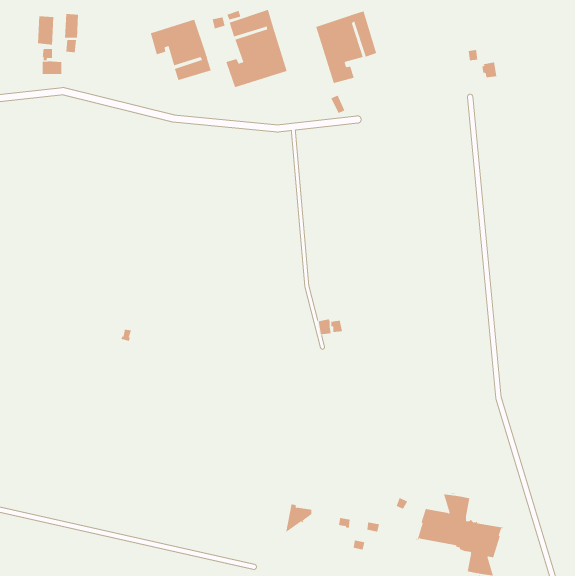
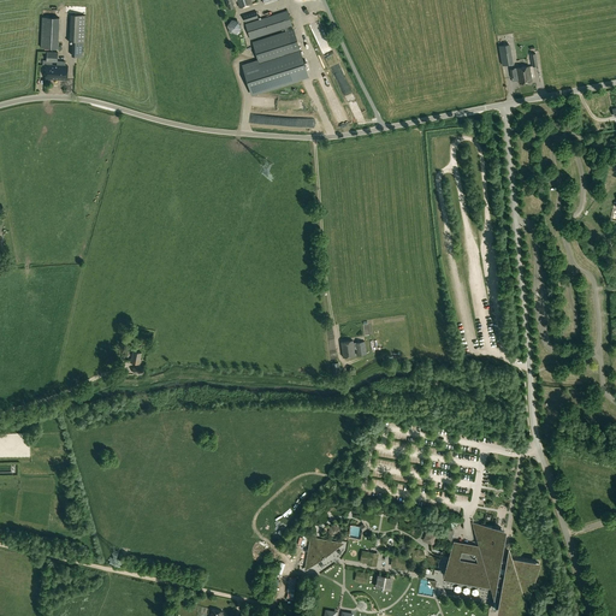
building: [315,10,377,84] -> none
building: [150,19,212,81] -> none

